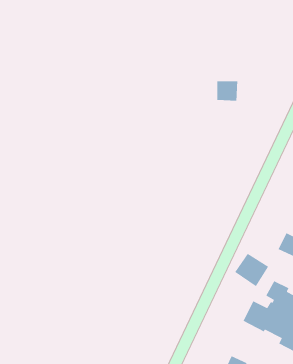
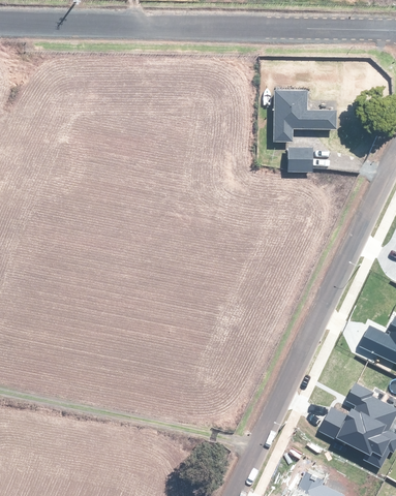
building: none -> [273,88,336,140]
building: [234,253,269,287] -> none

